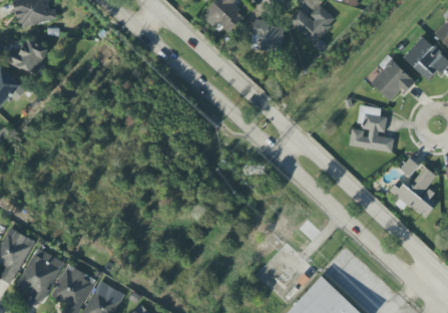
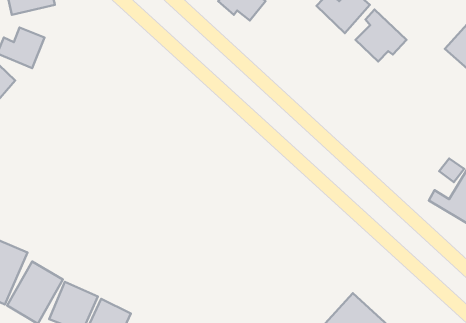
building: [249,20,286,55] -> none
building: [370,55,415,101] -> [355,9,406,61]
building: [349,114,394,151] -> none

